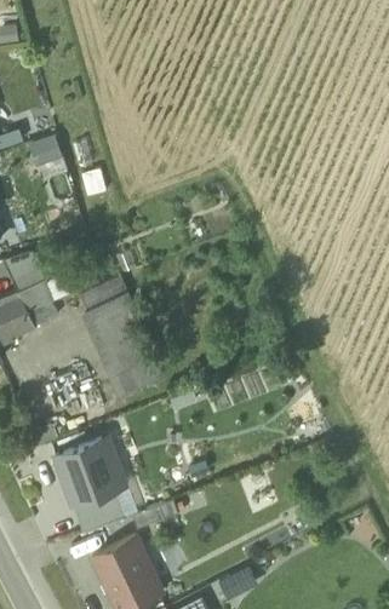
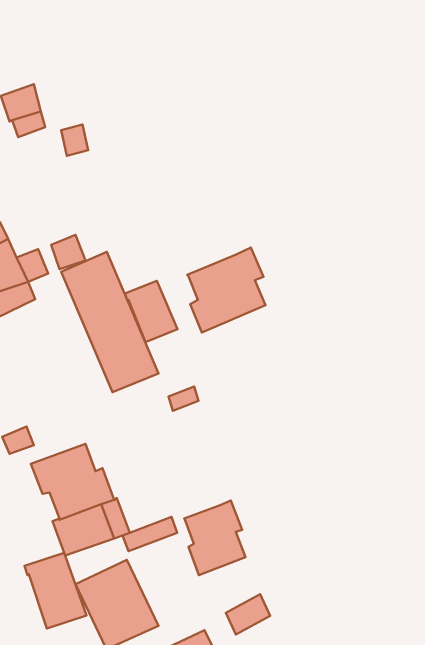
building: none -> [187,248,266,332]
building: none -> [125,281,177,342]
building: none -> [184,500,246,575]
building: none -> [25,553,86,629]

